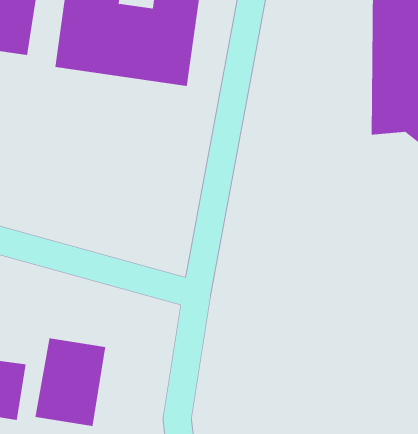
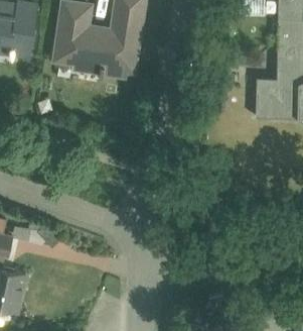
building: [35,338,106,427] -> none

